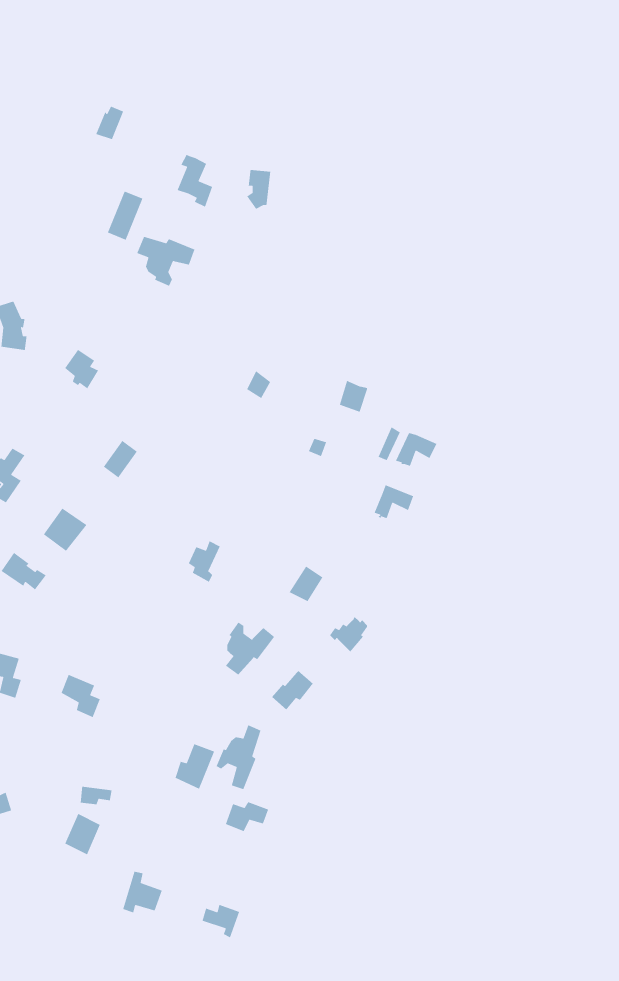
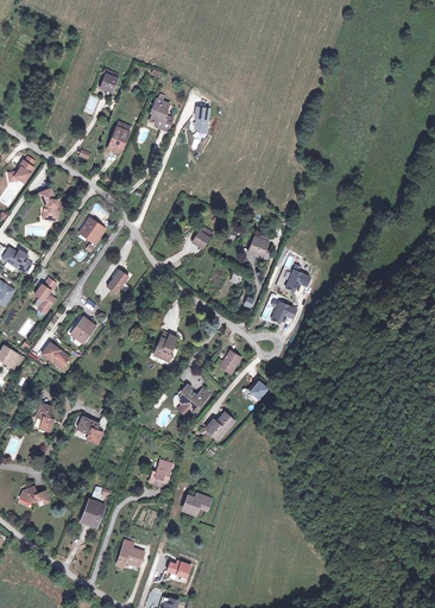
building: [136,236,195,287] -> none
building: [216,724,262,790] -> none

